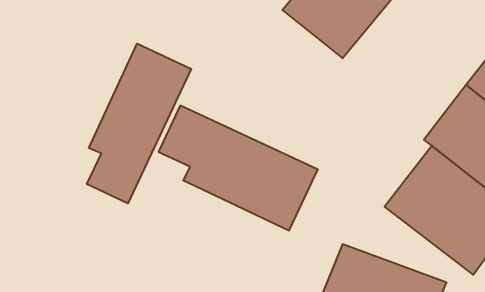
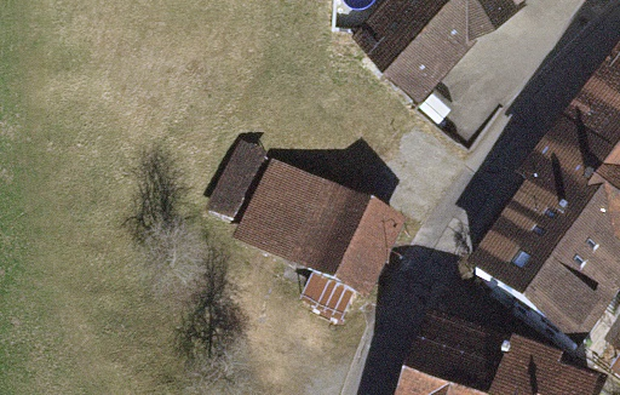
building: [87,44,191,203] -> none

